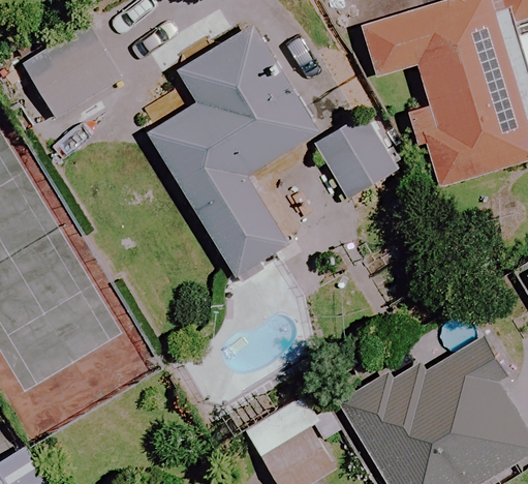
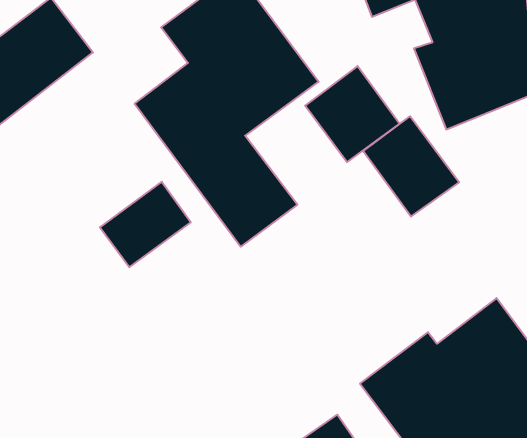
building: none -> [363,116,459,217]
building: none -> [100,182,191,267]

